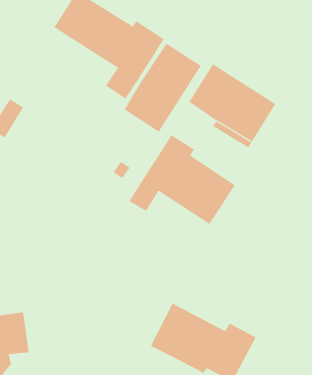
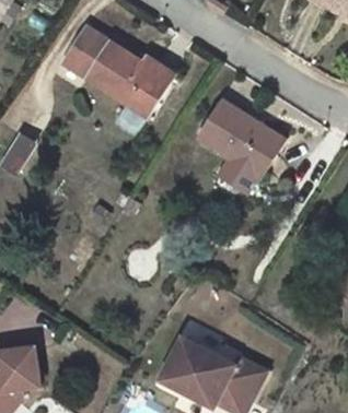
building: [124,43,201,132] -> none
building: [128,134,235,225] -> none

